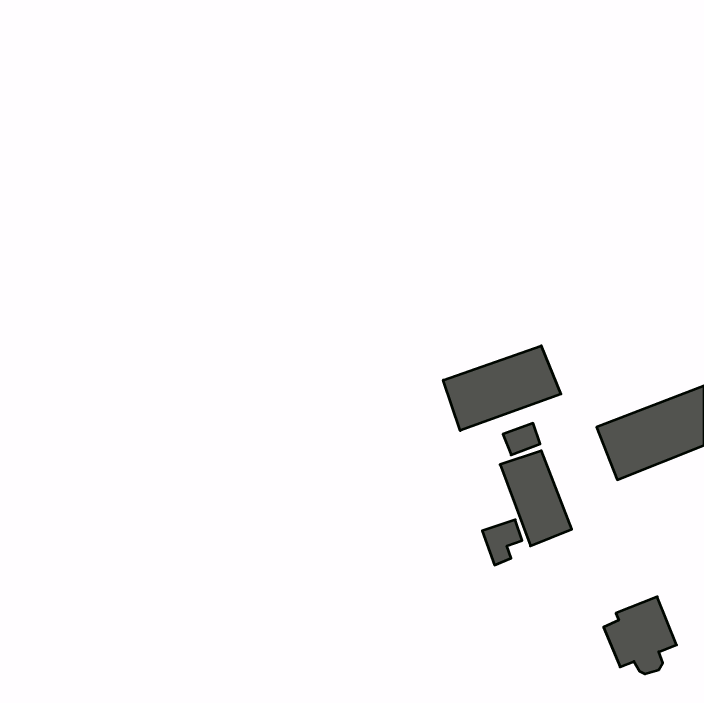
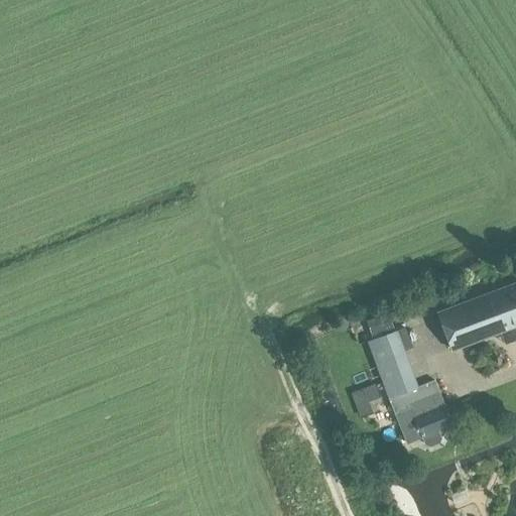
building: [443,346,561,431] -> none
building: [604,597,677,674] -> [398,391,452,447]

